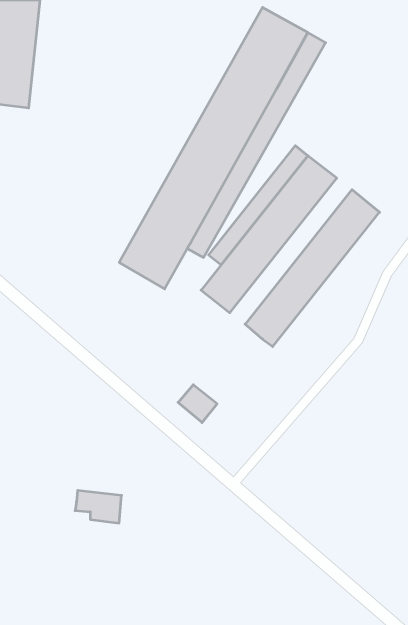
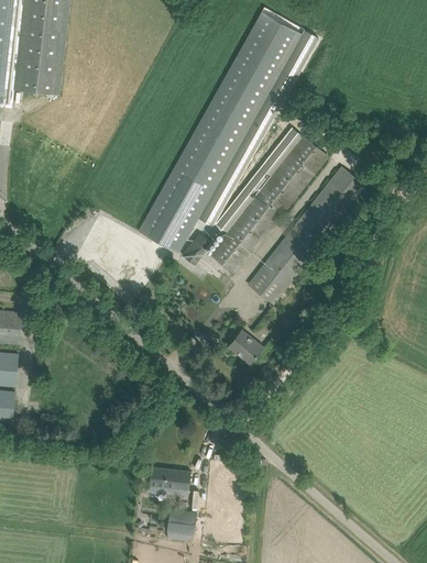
building: [178,385,217,423] -> [228,330,262,363]
building: [75,490,122,523] -> [149,467,189,496]
building: none -> [166,509,196,533]

